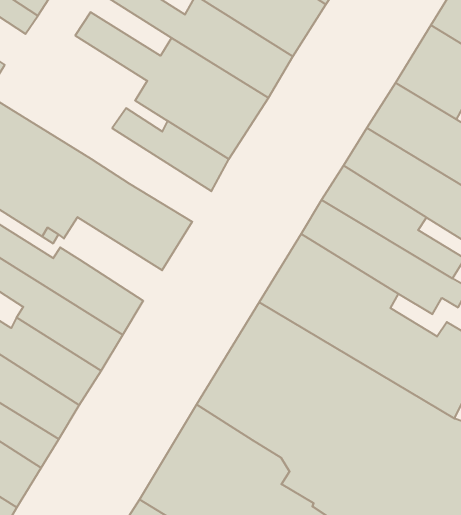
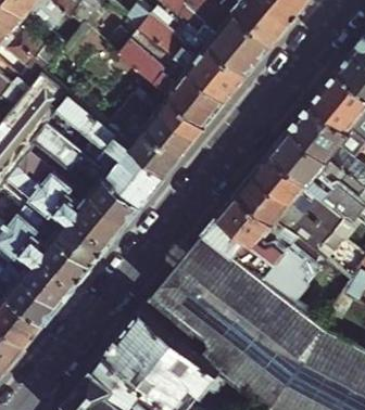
building: none -> [111,105,181,174]
building: none -> [80,161,142,221]

